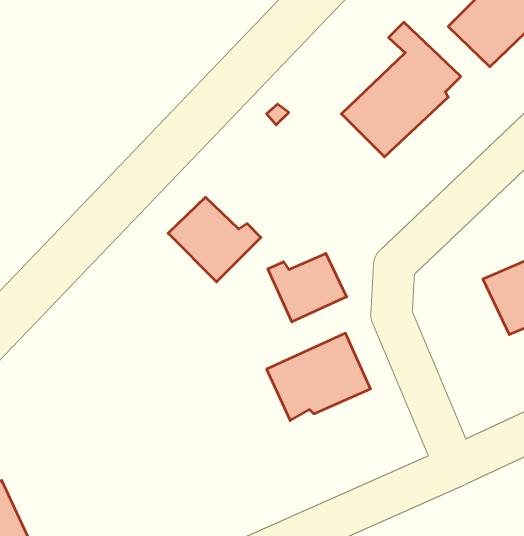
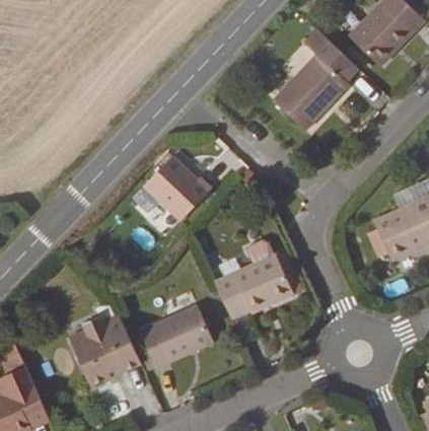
building: [268,253,347,322] -> none
building: none -> [138,307,211,367]
building: none -> [74,316,143,386]

